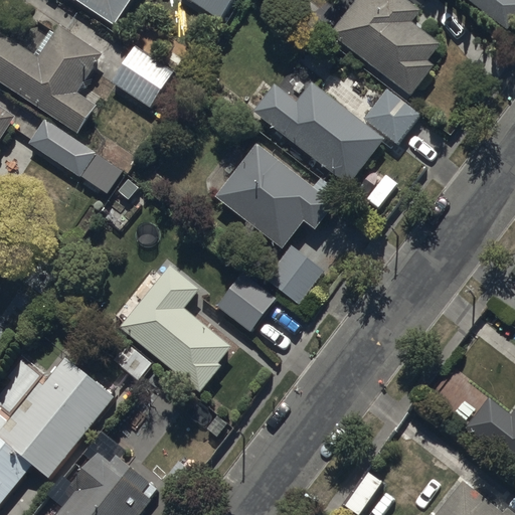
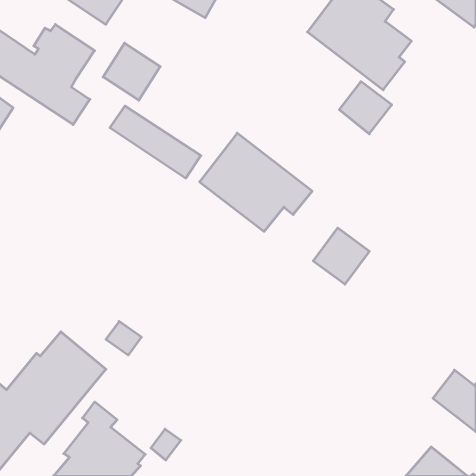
building: [253,82,385,186] -> none
building: [27,119,125,196] -> [110,106,201,178]
building: [265,245,325,306] -> [313,228,369,284]
building: [112,265,232,392] -> none
building: [216,274,276,332] -> none

